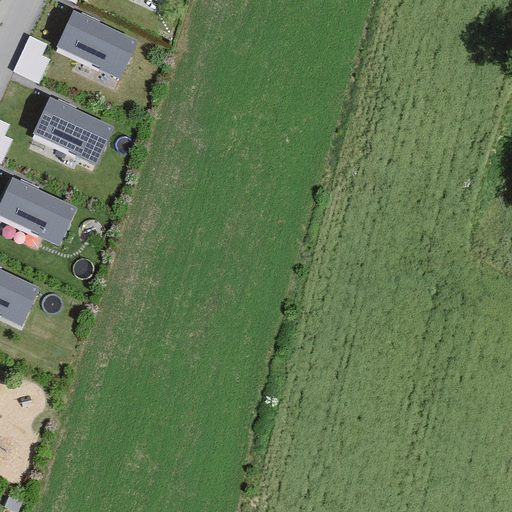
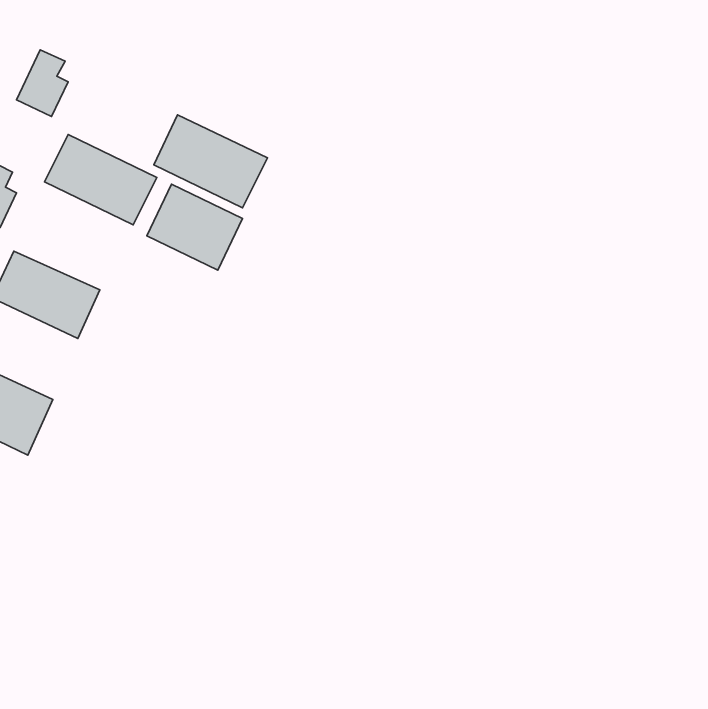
building: [56,9,138,76] -> [154,115,268,208]
building: none -> [147,184,242,270]

